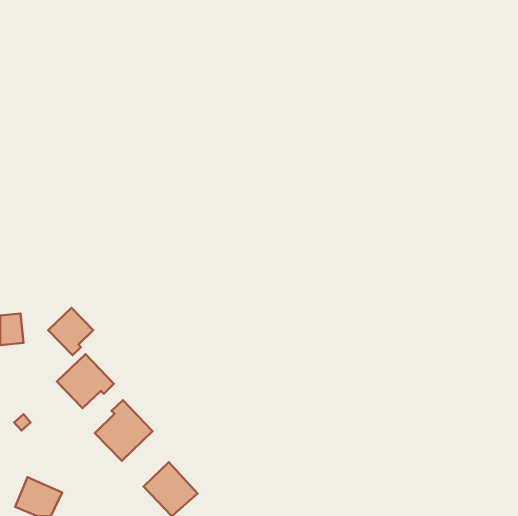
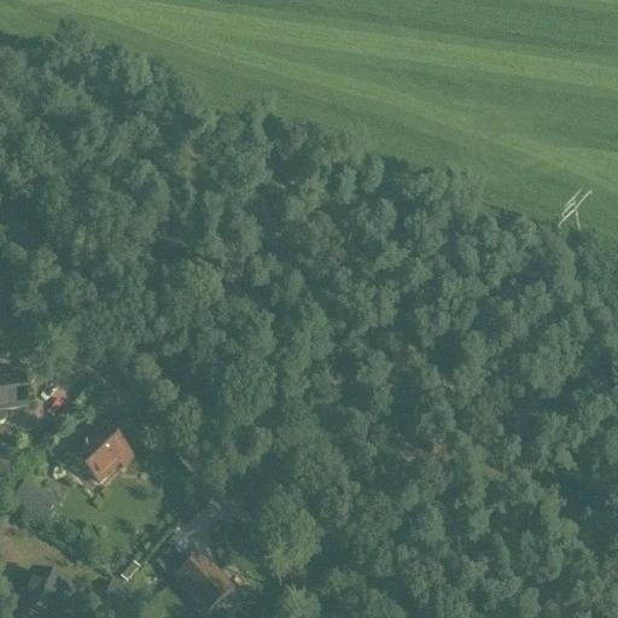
building: [48,308,93,355] -> none
building: [95,400,153,461] -> none

